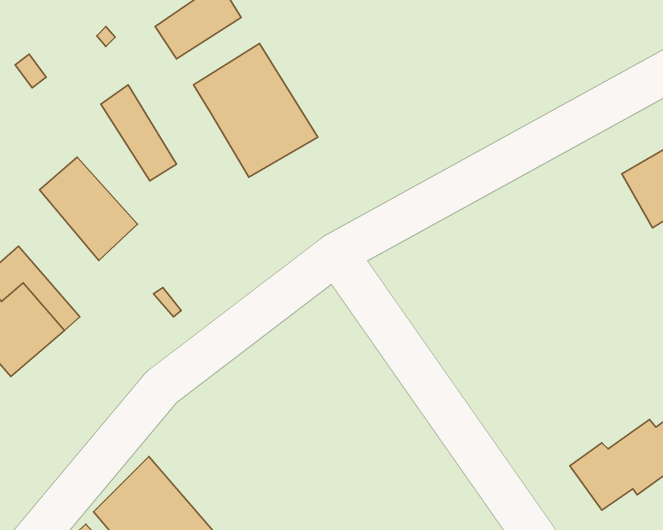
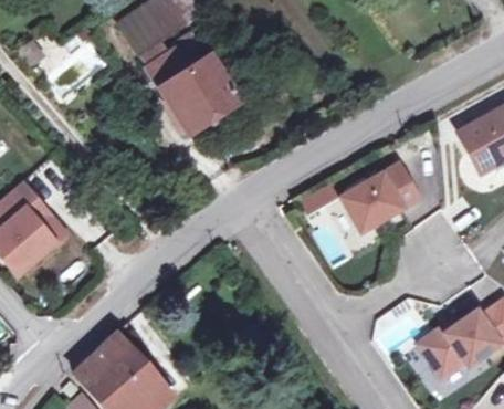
building: [101,85,176,181] -> none
building: [39,157,137,261] -> none
building: none -> [339,160,418,229]

